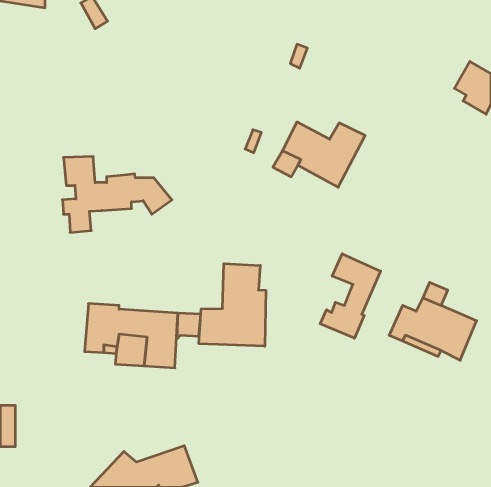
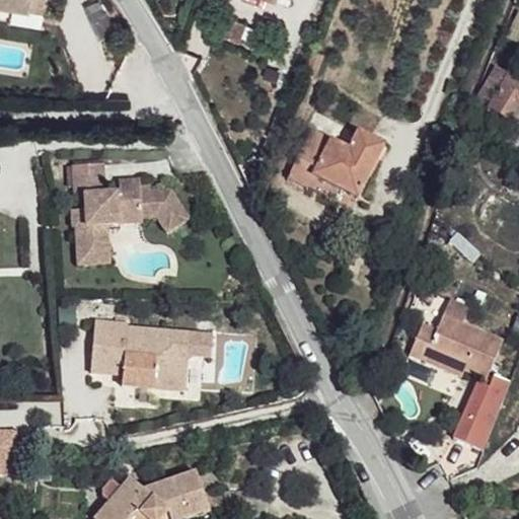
building: none -> [74,222,110,264]
building: [320,254,381,338] -> none
building: [199,264,266,346] -> none
building: none -> [454,375,511,450]

